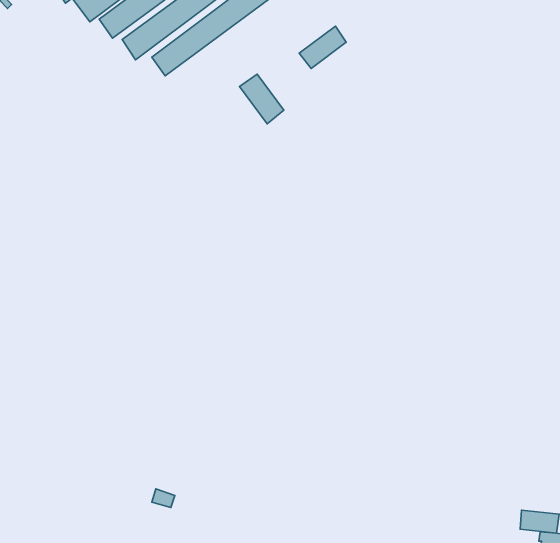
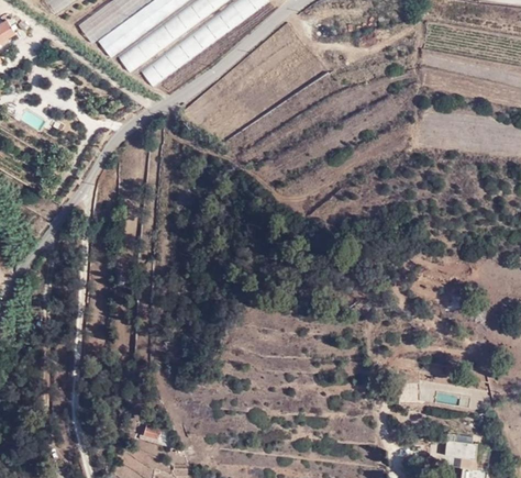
building: [299,26,346,68] -> none
building: [239,74,284,124] -> none

